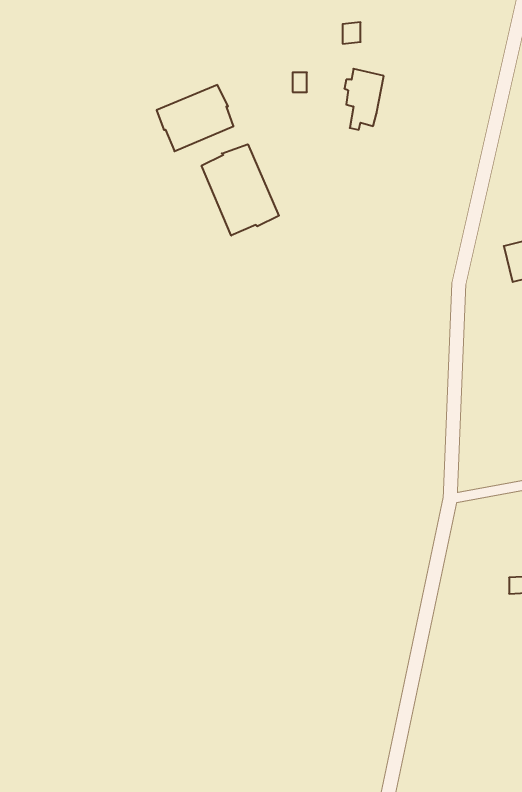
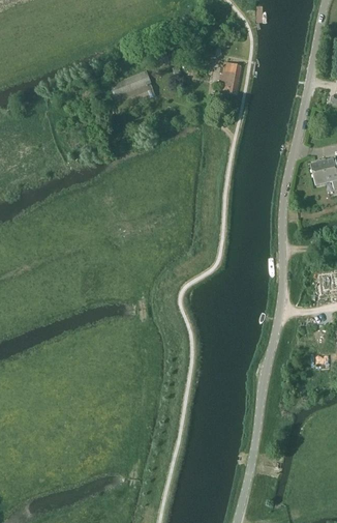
building: [202,144,279,236] -> none

